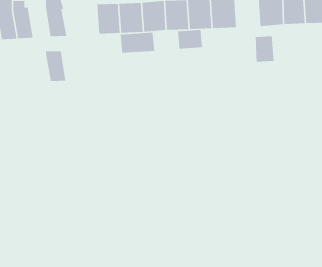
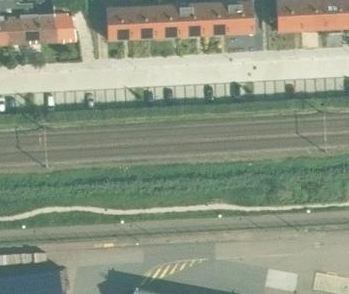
building: [177,29,203,49] -> none
building: [120,32,155,54] -> none
building: [255,35,274,63] -> none
building: [45,51,66,82] -> [32,12,54,45]

